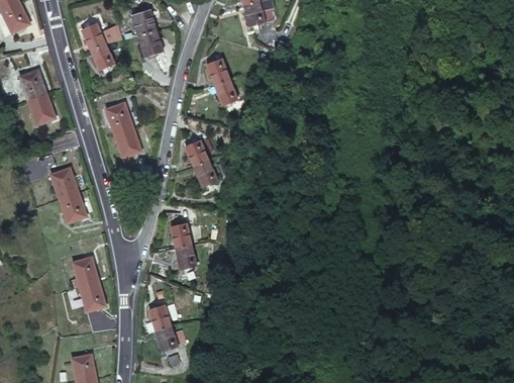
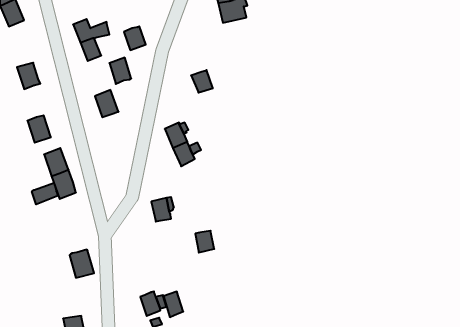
building: [131,8,156,37] -> [109,58,131,84]
building: [206,59,230,86] -> none
building: [27,95,54,125] -> [27,115,51,143]
building: [114,126,141,157] -> none
building: none -> [32,183,58,204]
building: [174,246,195,270] -> [195,231,214,253]
building: [71,257,97,286] -> none
building: [149,304,172,332] -> [163,292,183,317]

